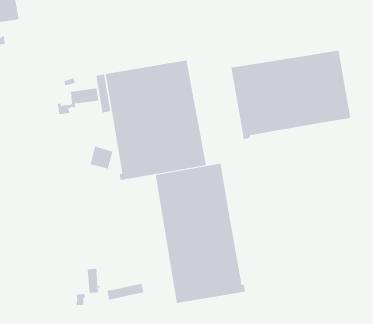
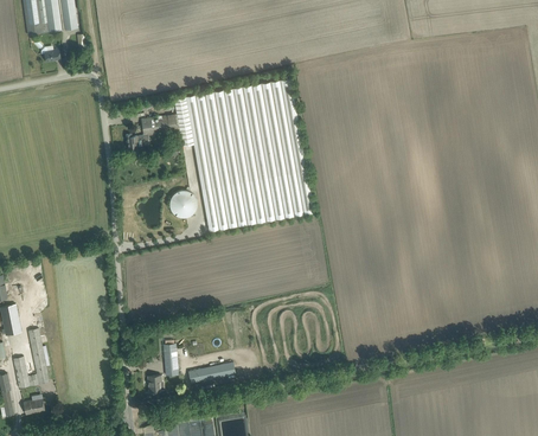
building: [231,50,351,140] -> none
building: [155,163,246,304] -> none

